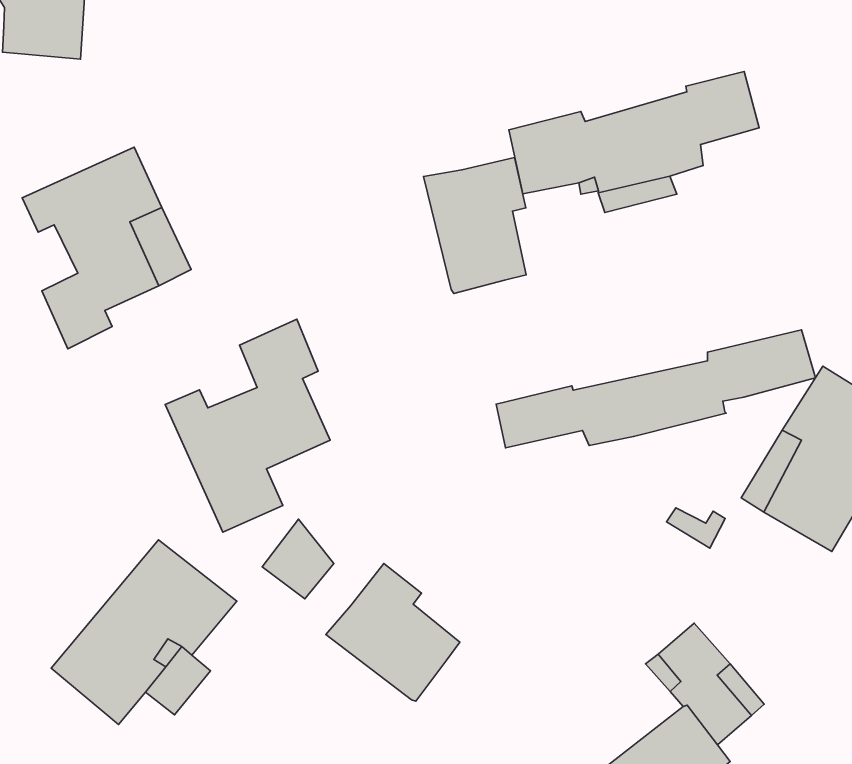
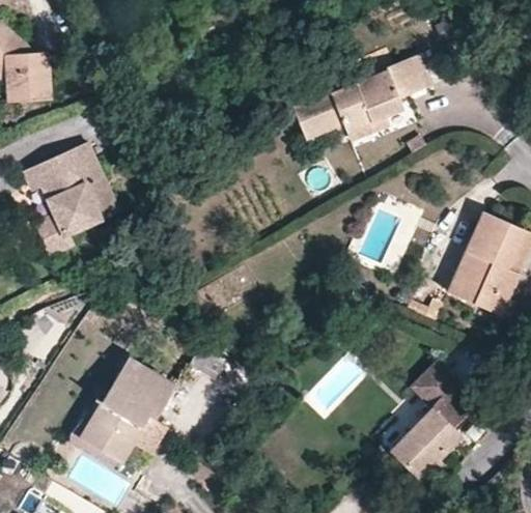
building: [424,158,526,293] -> none
building: [165,319,330,532] -> none
building: [496,330,815,448] -> none
building: [326,563,460,701] -> none

